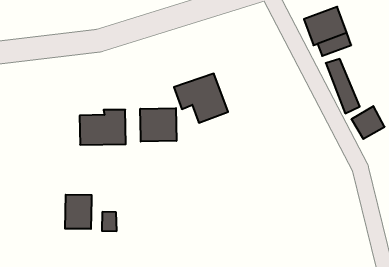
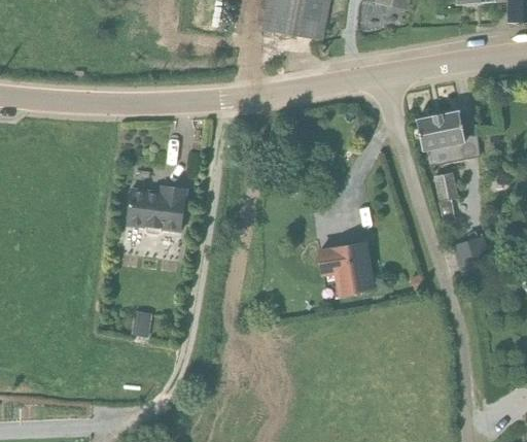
building: [174,74,228,123] -> [315,241,375,297]
building: [140,108,176,142] -> none
building: [65,195,92,229] -> none

